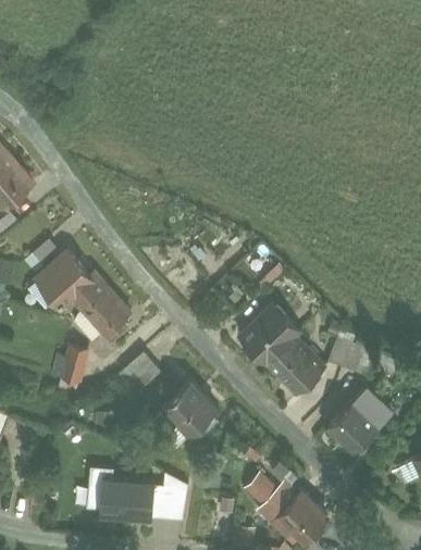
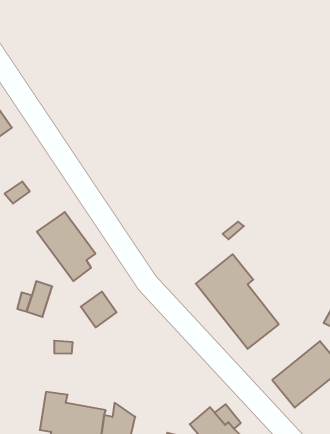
building: [37,250,92,303] -> none
building: [326,341,366,375] -> none
building: [160,380,218,438] -> none

